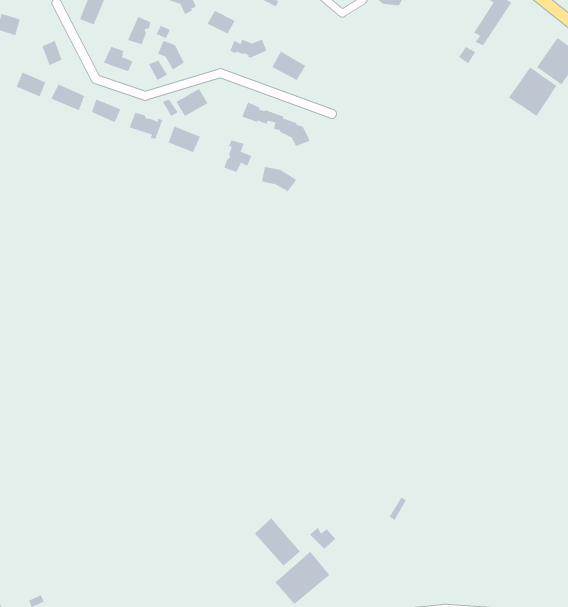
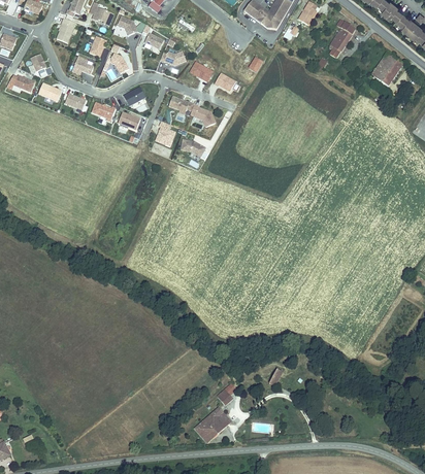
building: [508,67,557,117] -> none
building: [254,517,301,567] -> none

